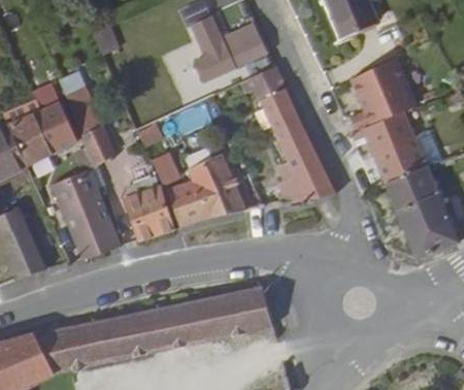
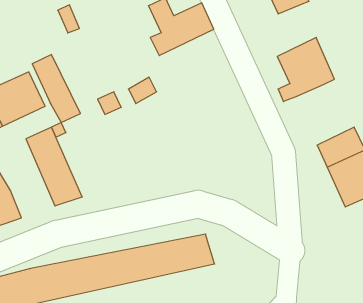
building: [247,69,337,203] -> none
building: [362,118,432,187] -> none
building: [166,153,244,225] -> none
building: [124,184,175,238] -> none

